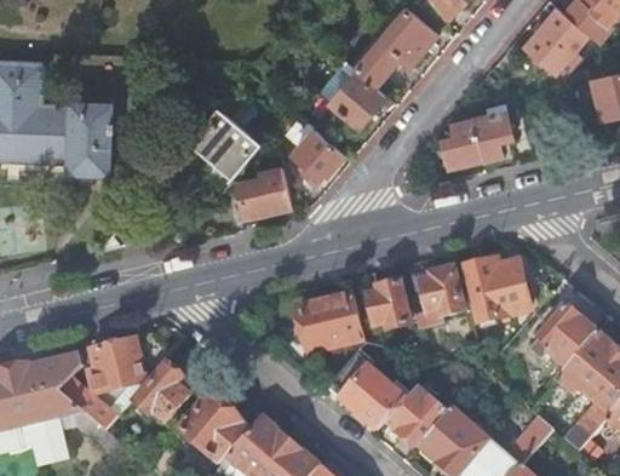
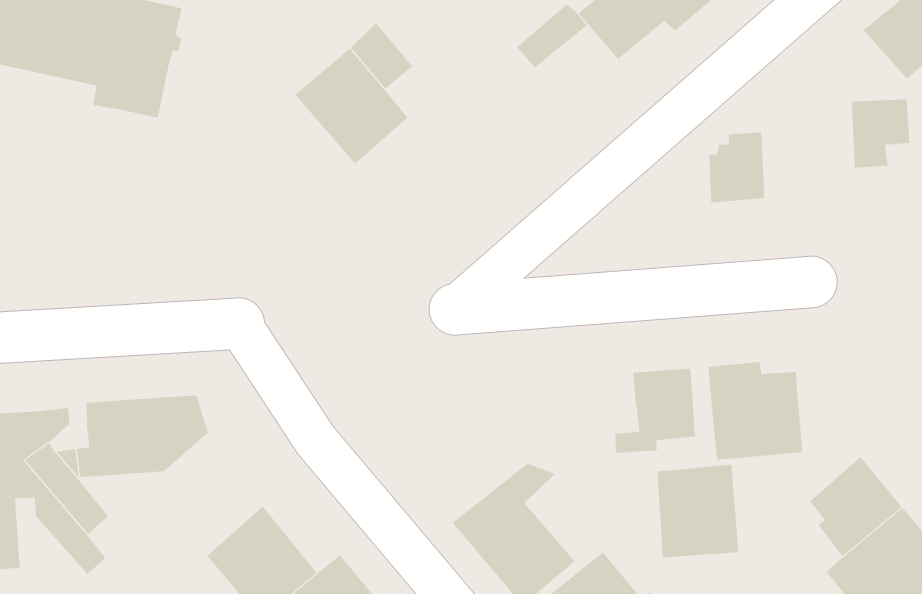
building: [331,71,386,127] -> none
building: [475,111,515,159] -> [851,99,910,168]
building: [294,128,346,183] -> none
building: [239,166,293,216] -> none
building: [369,282,412,329] -> none
building: [299,293,366,352] -> none
building: none -> [657,464,739,558]
building: [133,361,189,423] -> none

